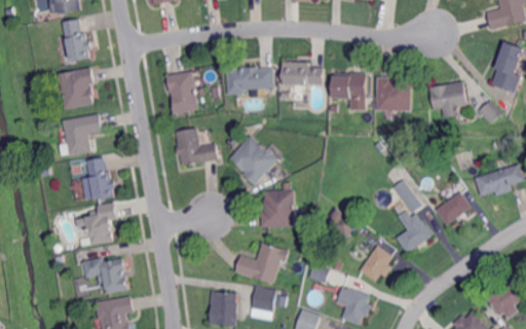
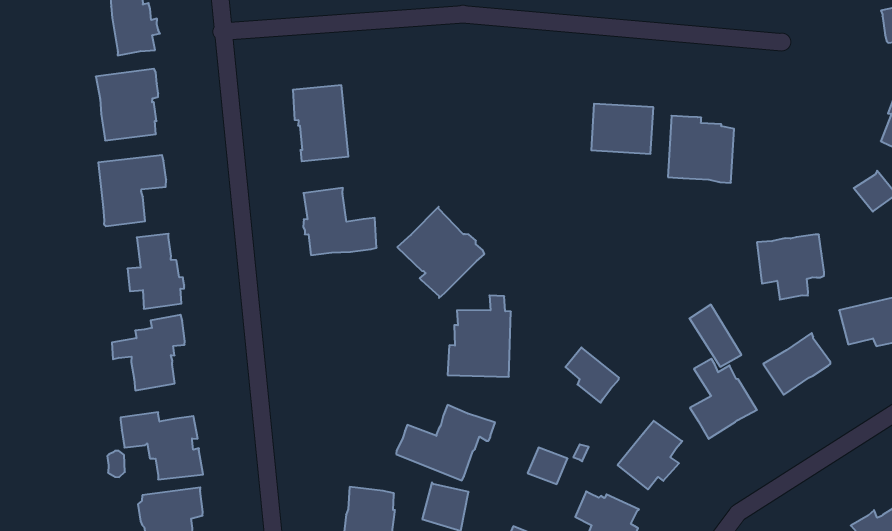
building: [281,62,322,85] -> none
building: [226,66,274,95] -> none
building: [431,82,469,119] -> [757,234,824,300]

